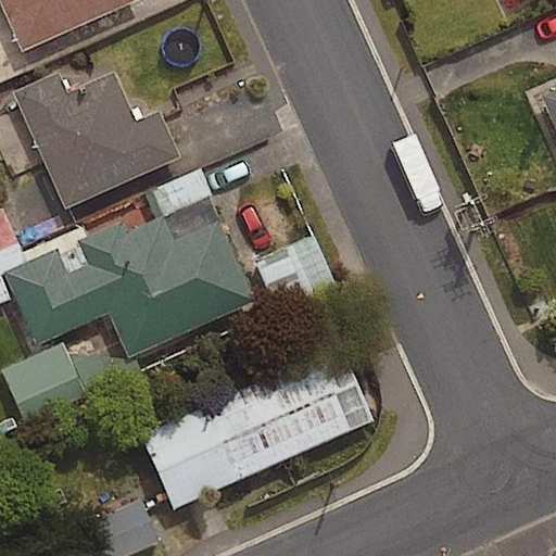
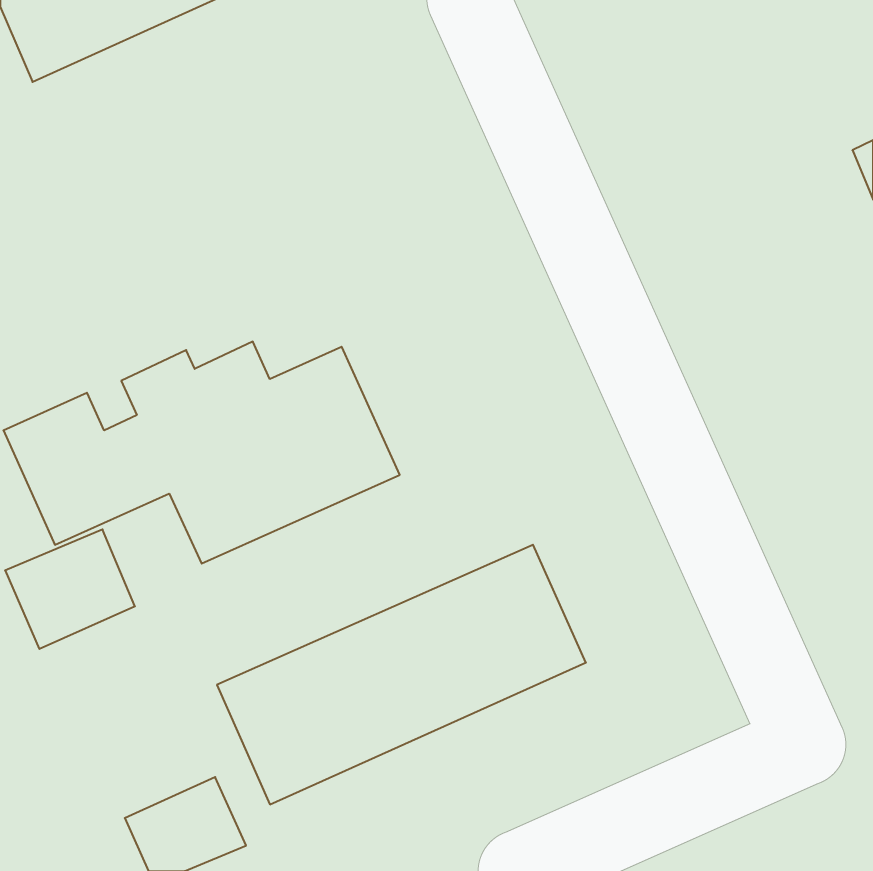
building: [11,71,178,210] -> none

